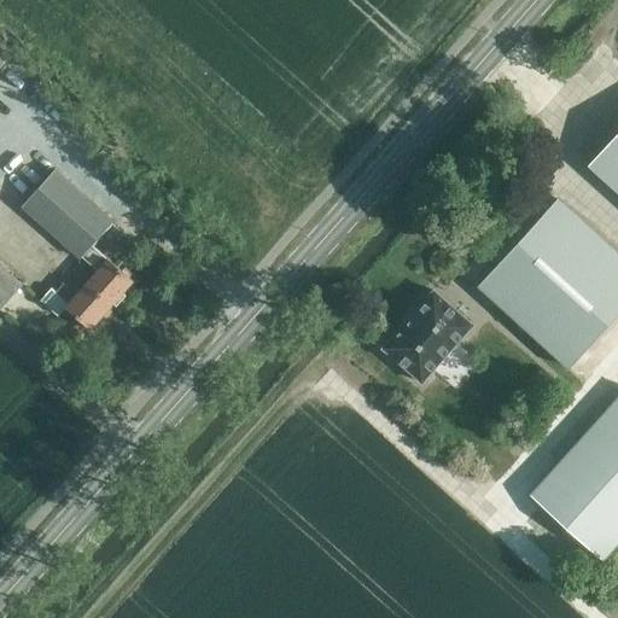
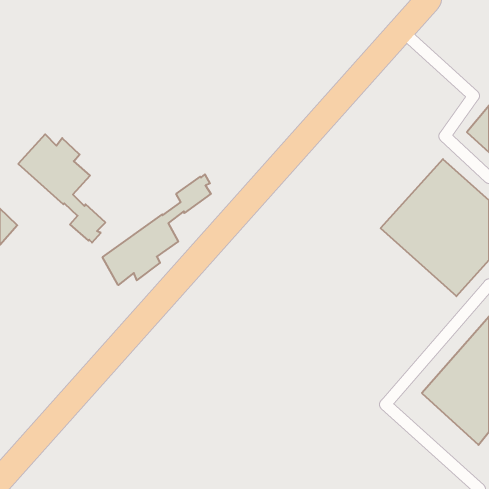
building: none -> [103,174,211,285]
building: [57,280,111,328] -> none
building: [381,290,471,380] -> none

